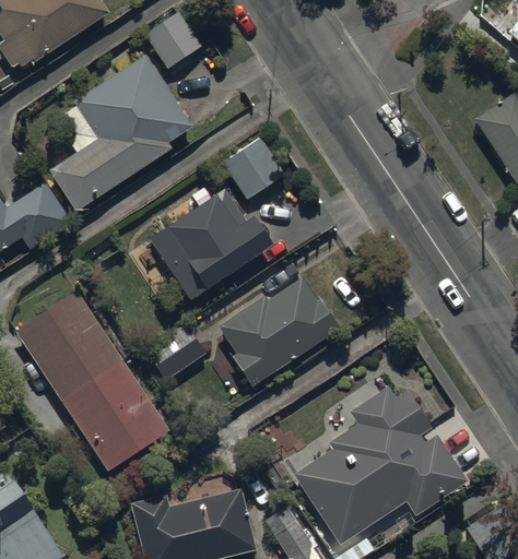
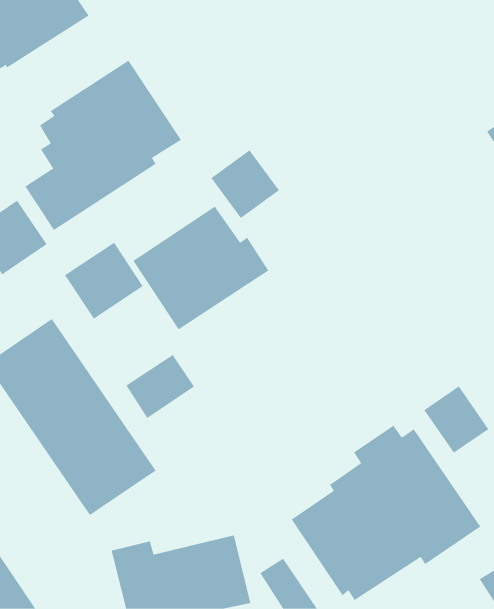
building: [145,12,201,69] -> none
building: none -> [64,242,144,320]
building: [220,278,341,389] -> none
building: none -> [424,386,489,454]

